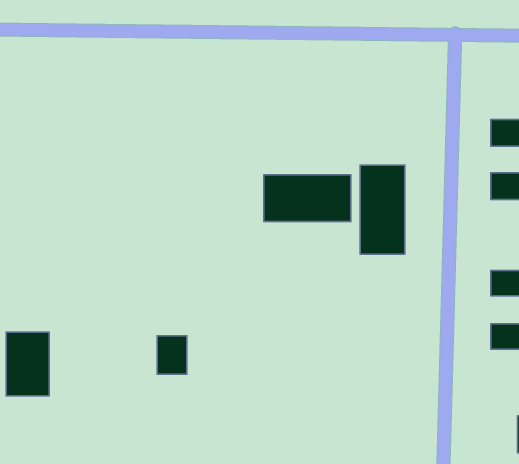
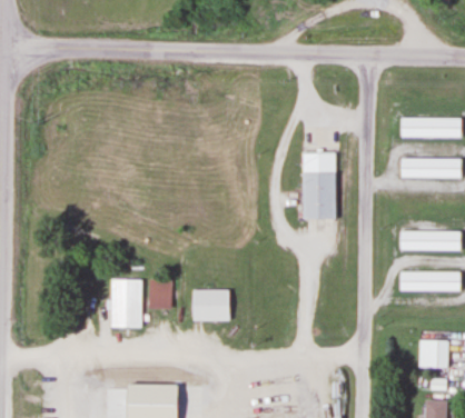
building: [264,175,351,221] -> none
building: [6,332,49,396] -> [110,279,142,327]
building: none -> [191,290,229,321]

